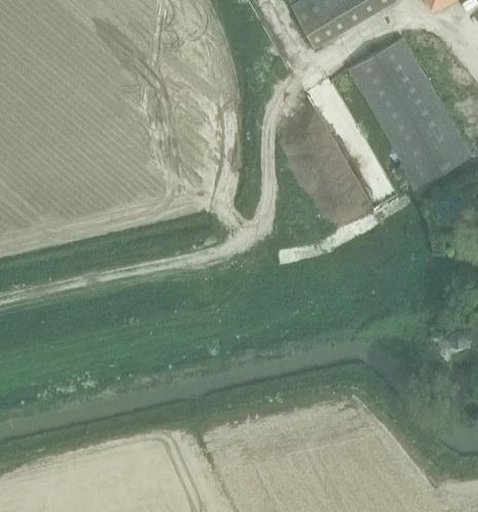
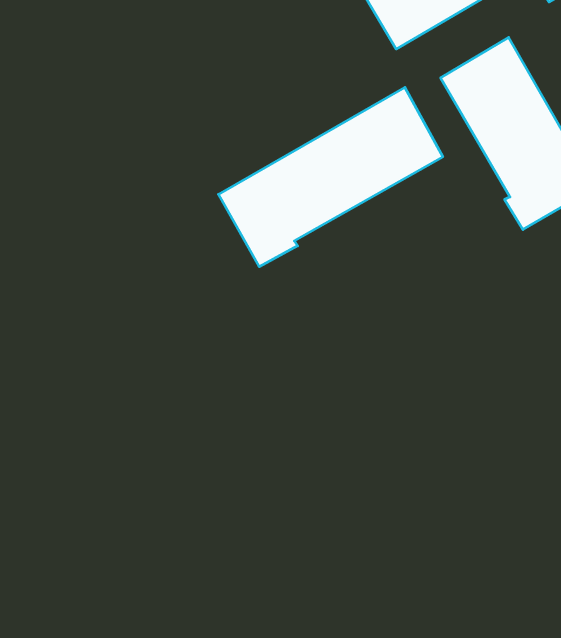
building: none -> [218,87,443,267]

